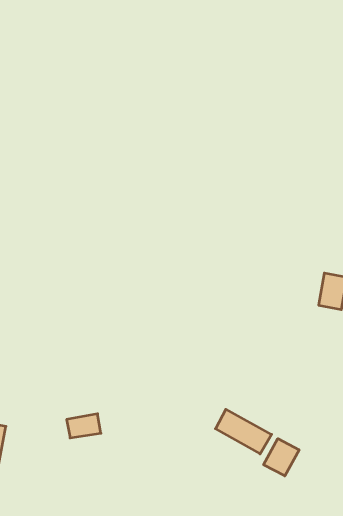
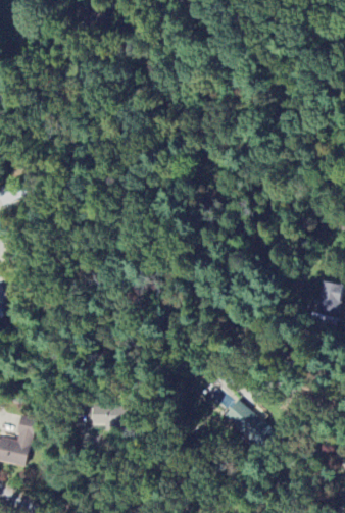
building: [264,439,299,476] -> none

